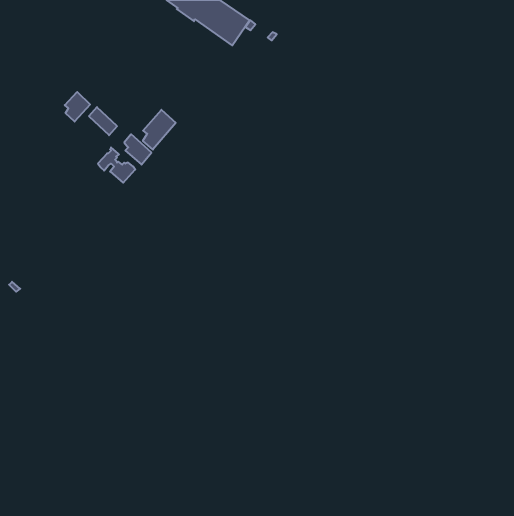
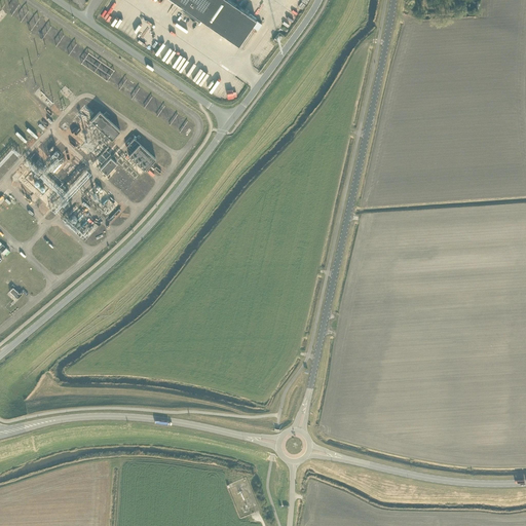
building: [65,92,90,122] -> none
building: [143,110,176,150] -> none

